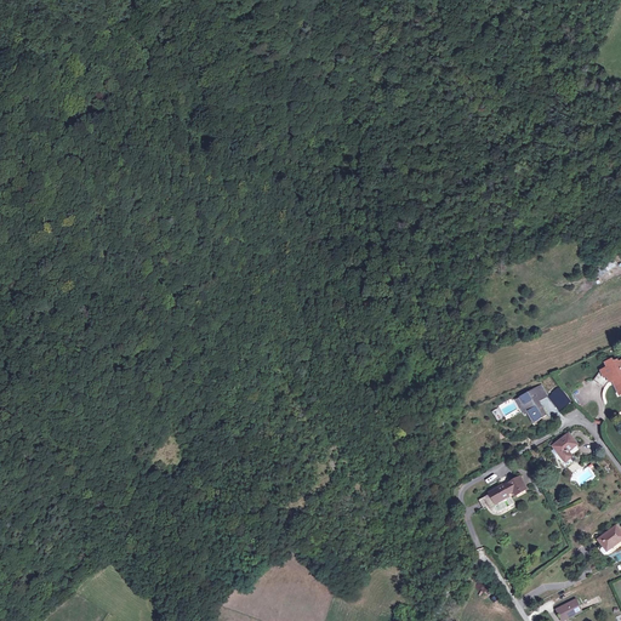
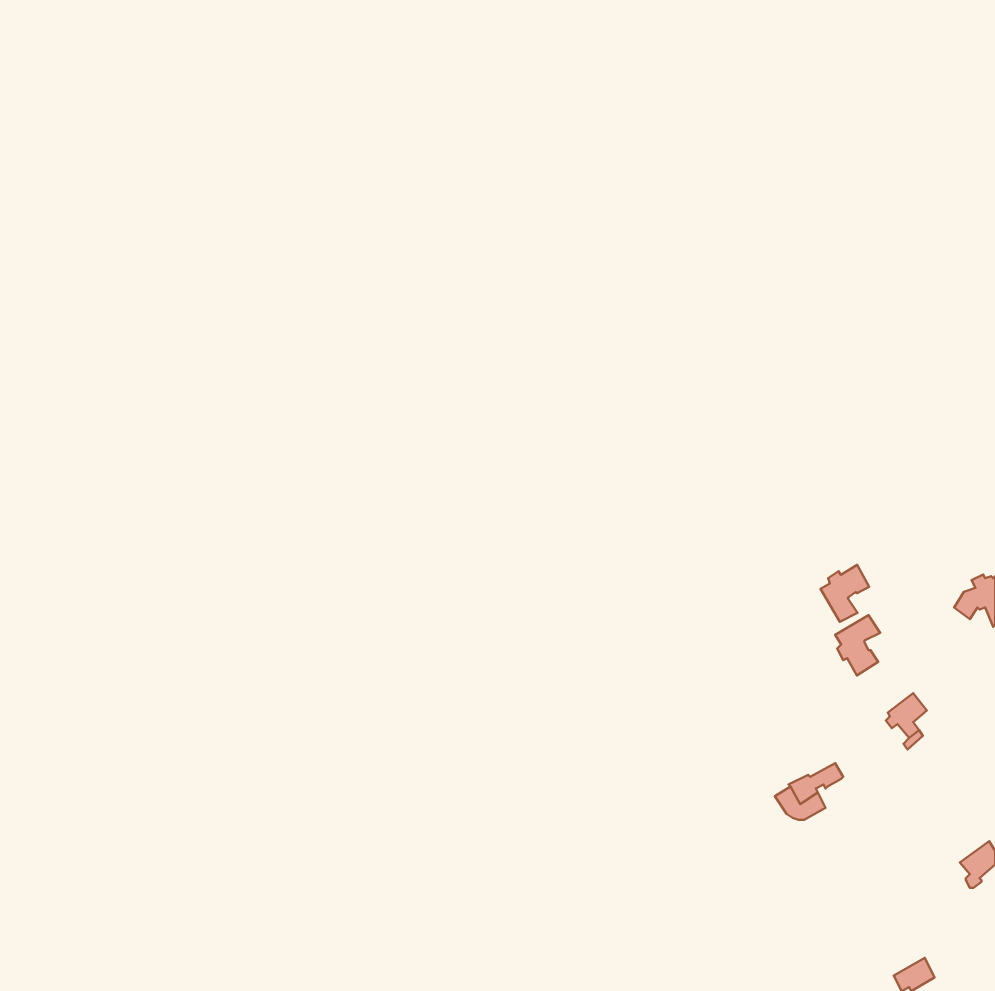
building: none -> [820,565,869,622]

